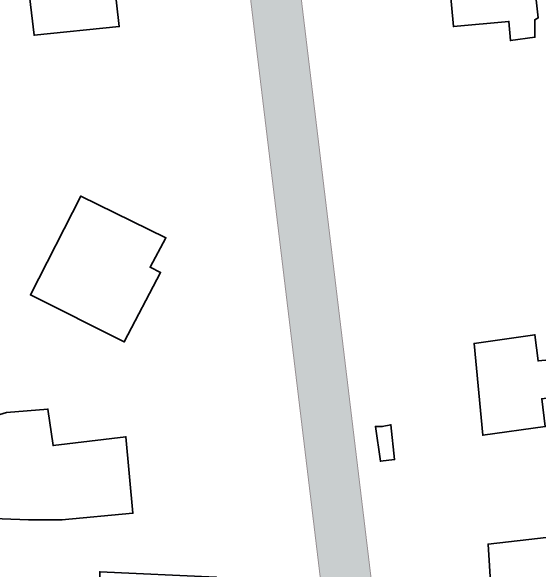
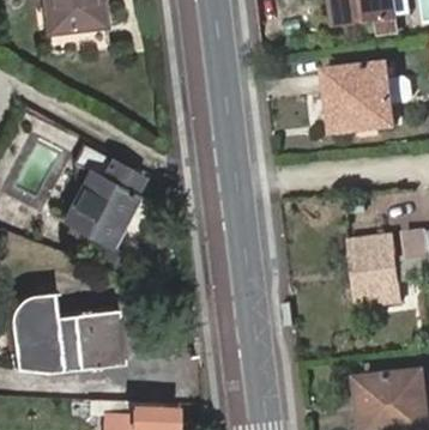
building: none -> [330,67,394,133]

